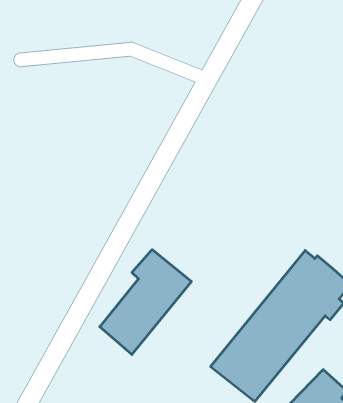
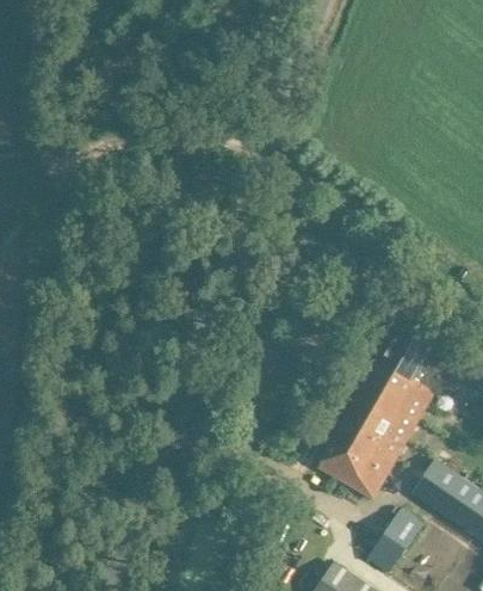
building: [100,250,191,355] -> none

